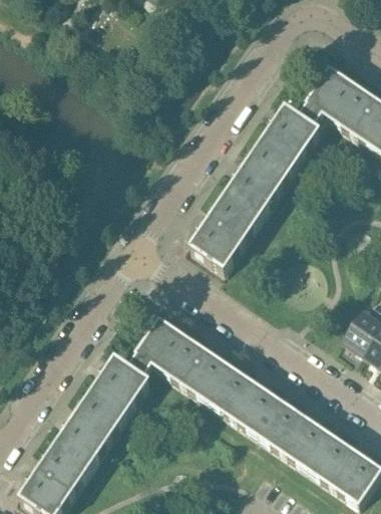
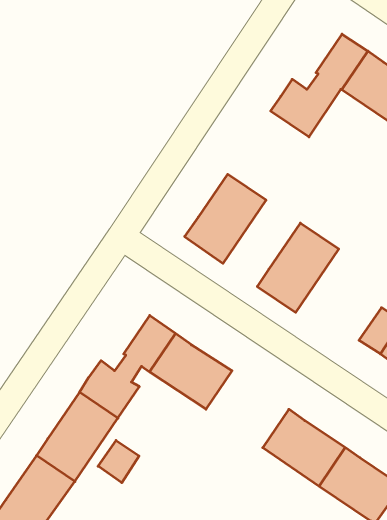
building: [227,135,299,214] -> [257,223,339,312]
building: [208,365,281,434] -> none
building: none -> [98,440,139,483]

